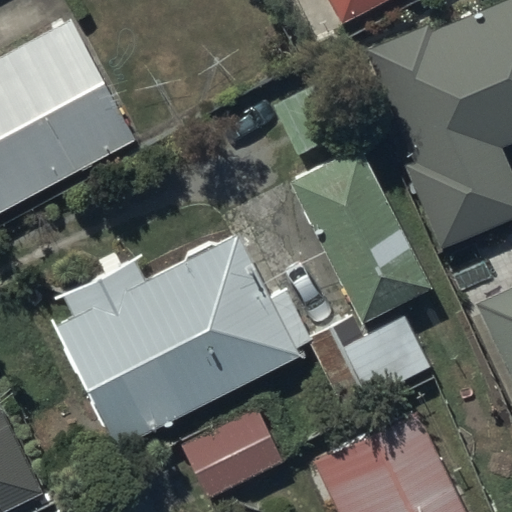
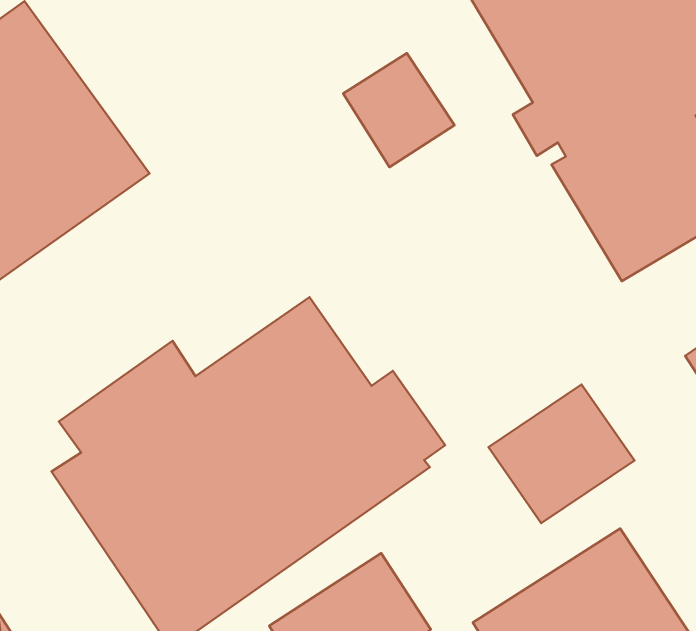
building: [284,145,433,324] -> none

